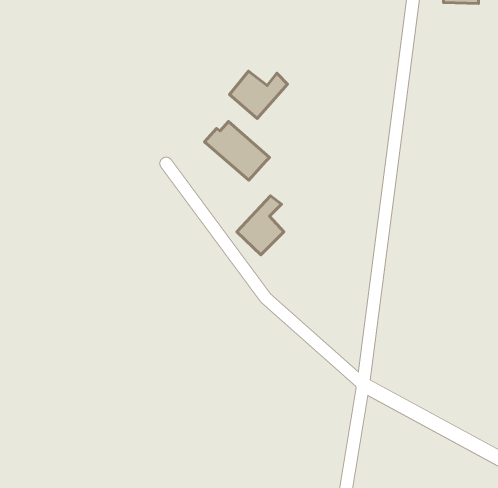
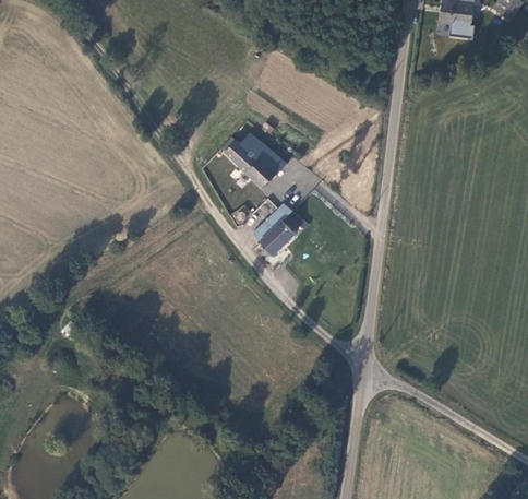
building: [230,71,288,119] -> none

